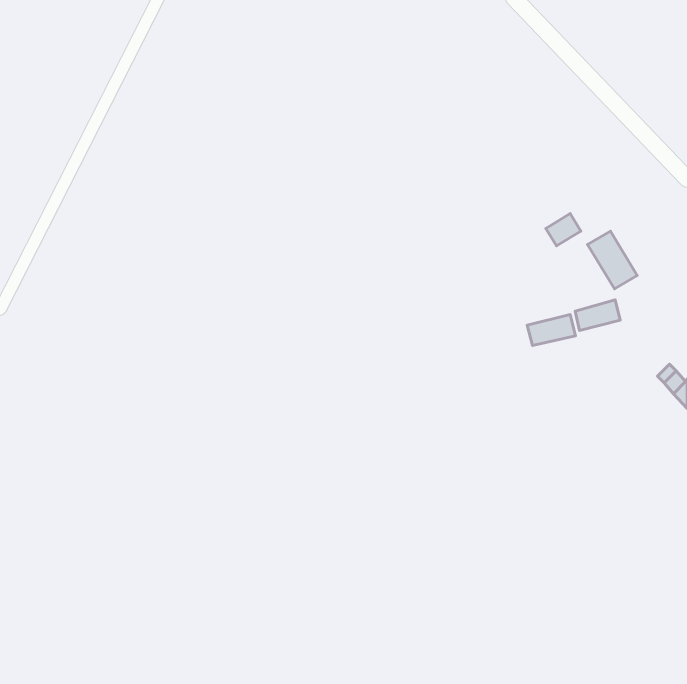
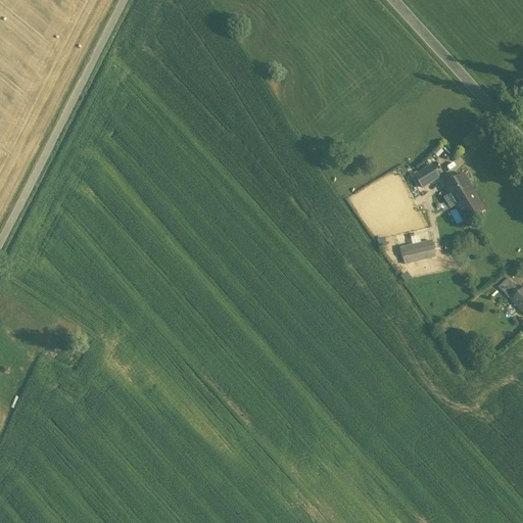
building: [575,300,620,330] -> none

